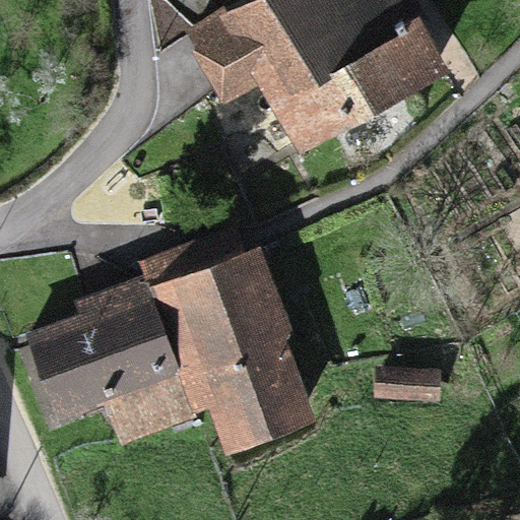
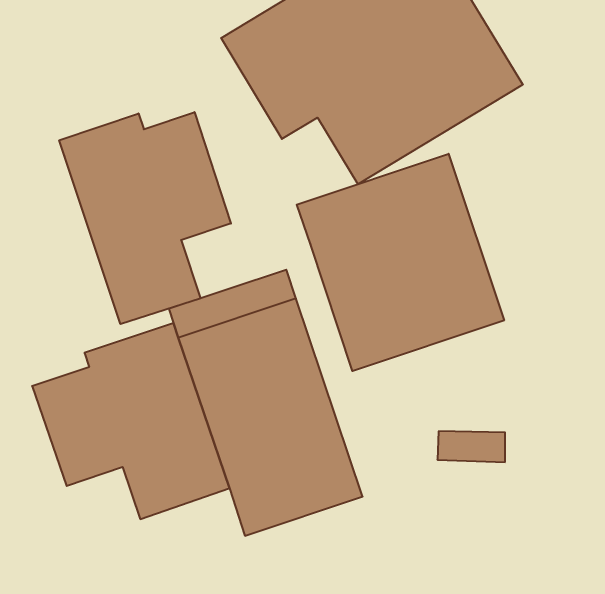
building: none -> [59,112,231,324]
building: none -> [297,154,504,371]

